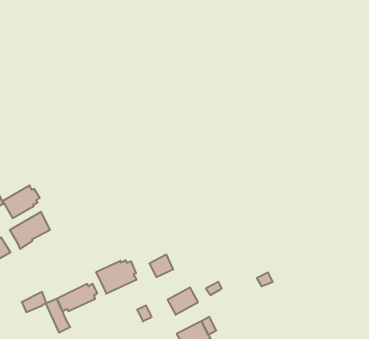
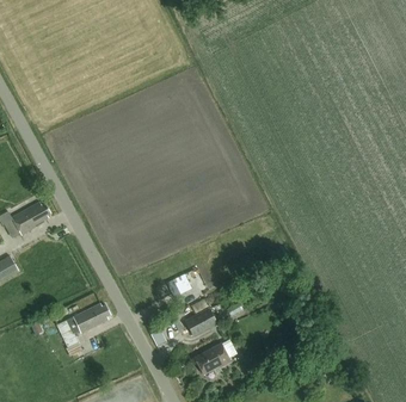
building: [10,212,50,249] -> none
building: [96,260,136,294] -> none

